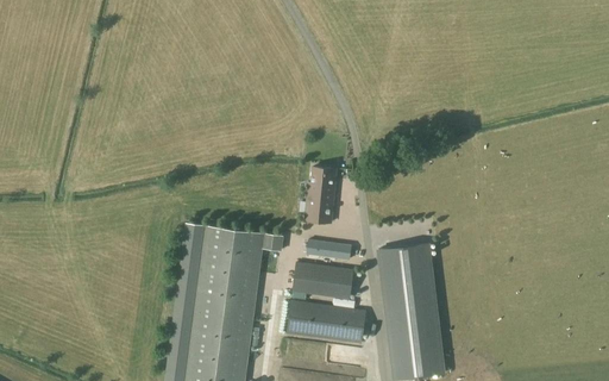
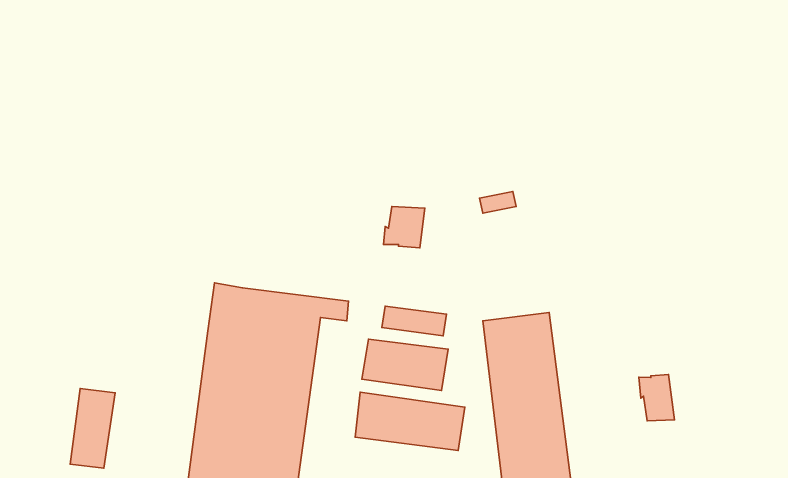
building: [306,195,334,223] -> none
building: none -> [639,374,674,421]
building: none -> [70,389,115,468]

